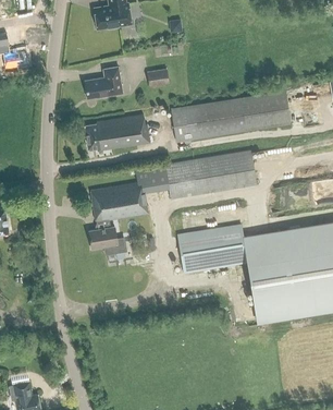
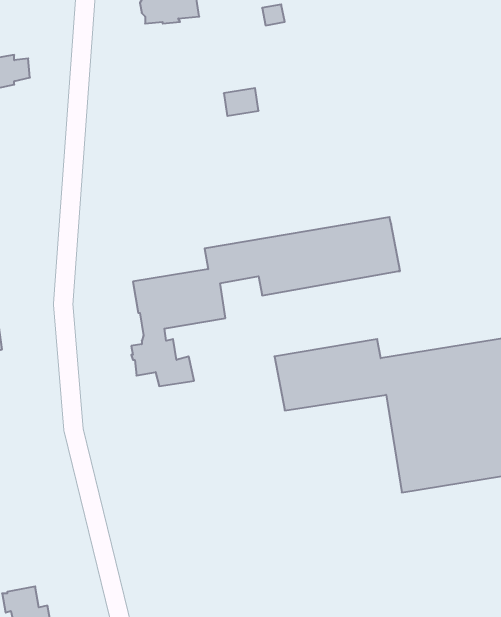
building: [85,67,123,98] -> none
building: [173,92,292,141] -> none
building: [85,116,149,150] -> none

